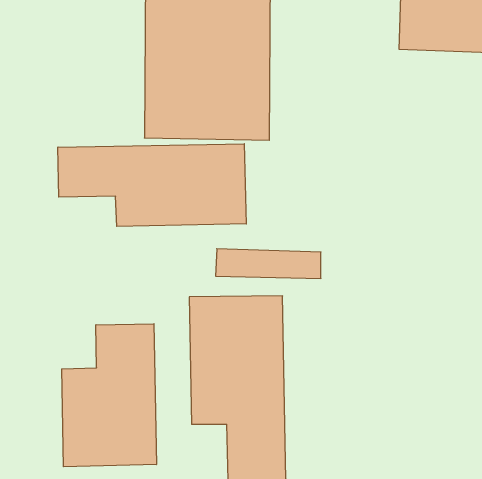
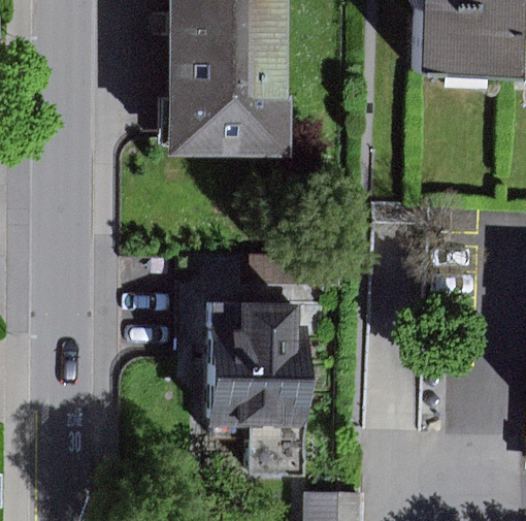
building: [58,144,246,226] -> none
building: [62,324,156,467] -> none

